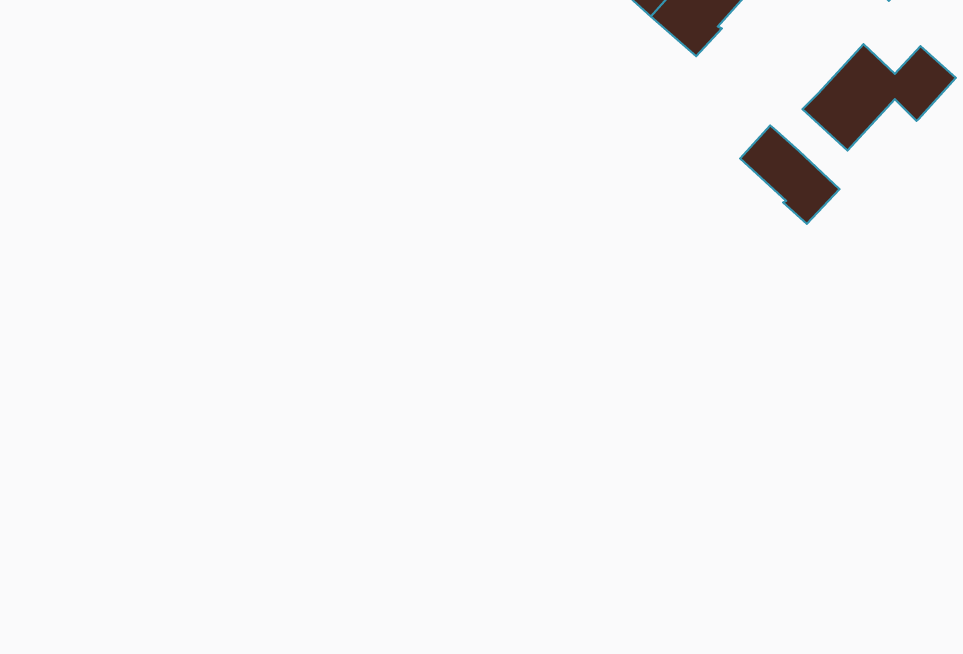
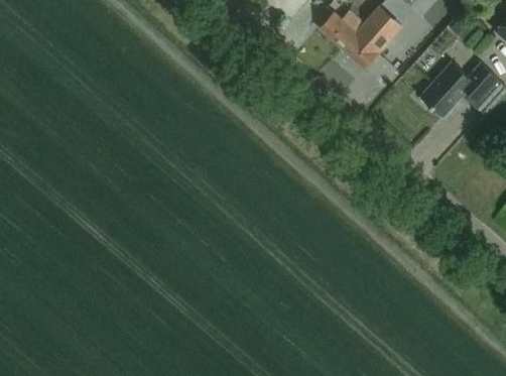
building: [740,126,840,224] -> none

